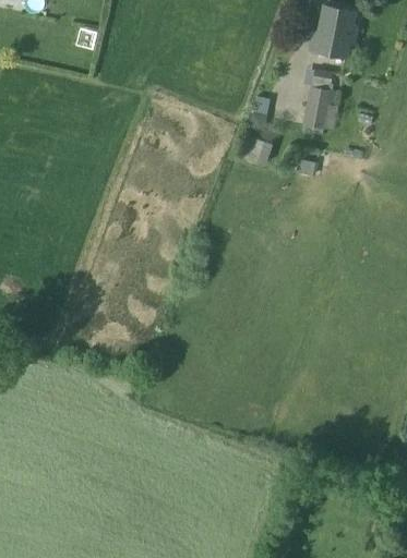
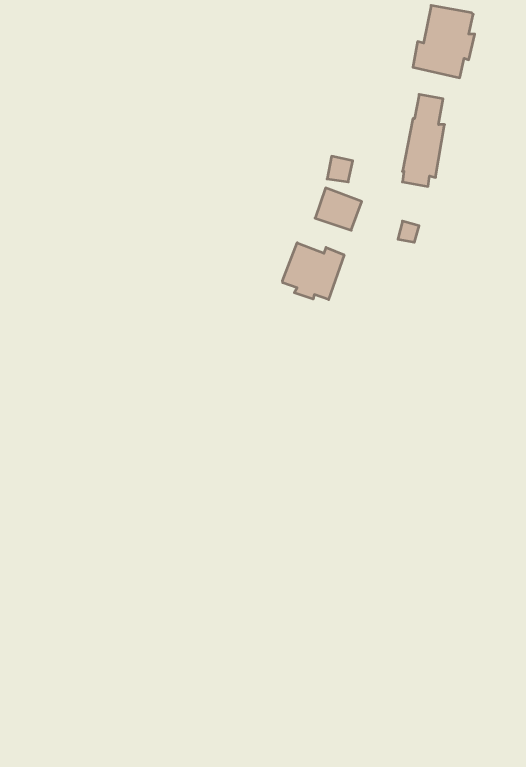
building: none -> [283,243,344,300]

